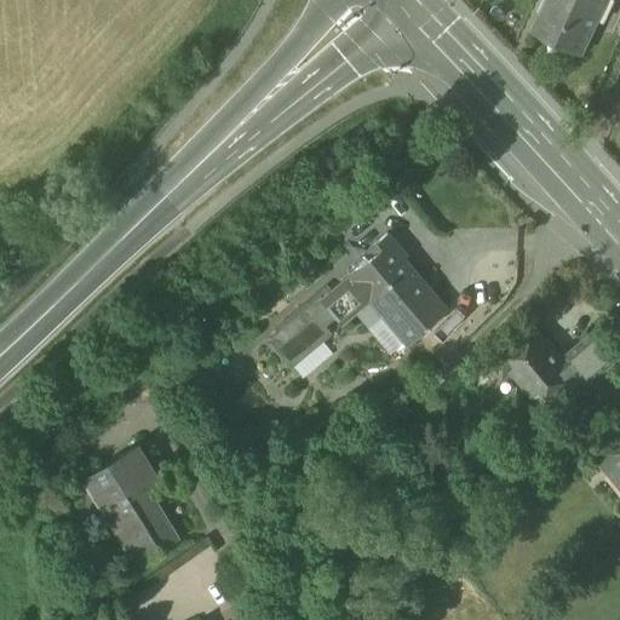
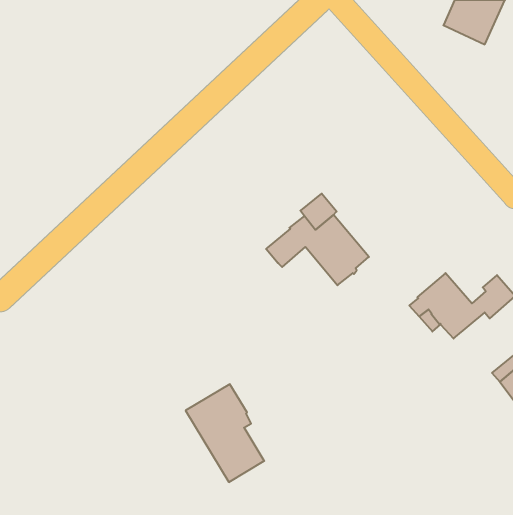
building: [269,297,337,366] -> none
building: [85,446,179,563] -> [186,384,264,482]

